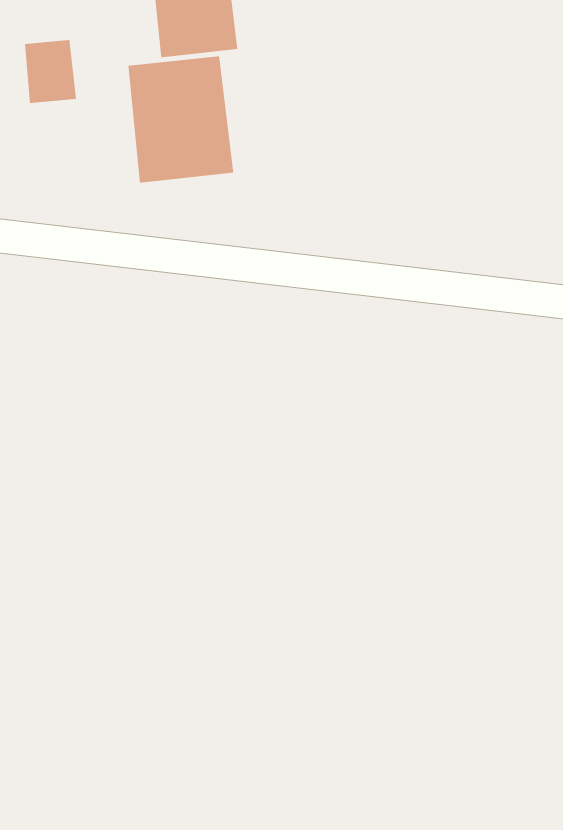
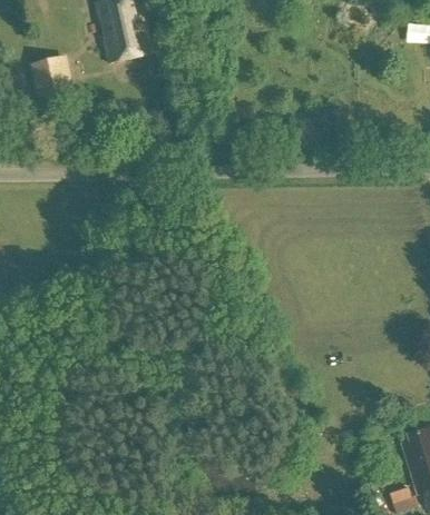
building: [128,55,234,184] -> none

